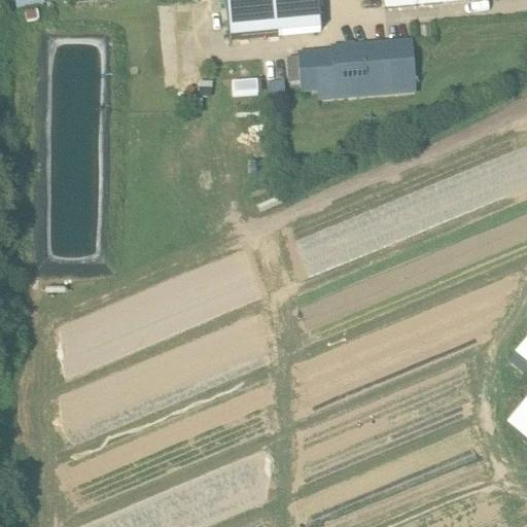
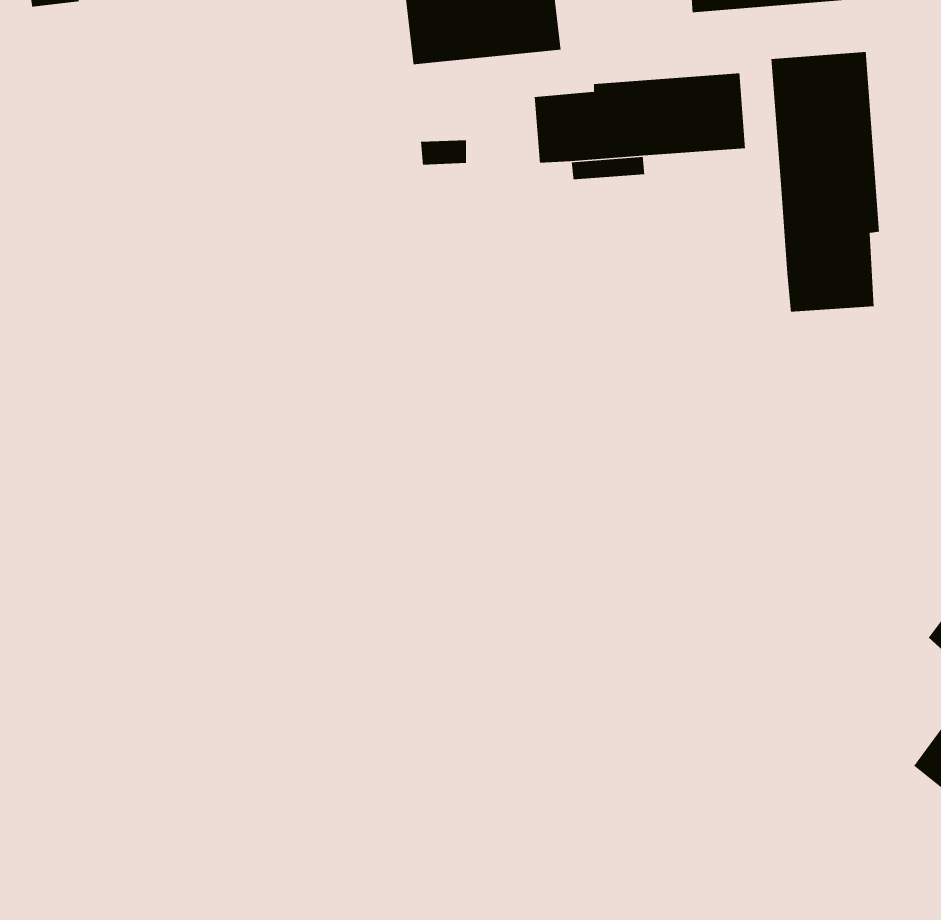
building: none -> [771,51,880,312]

